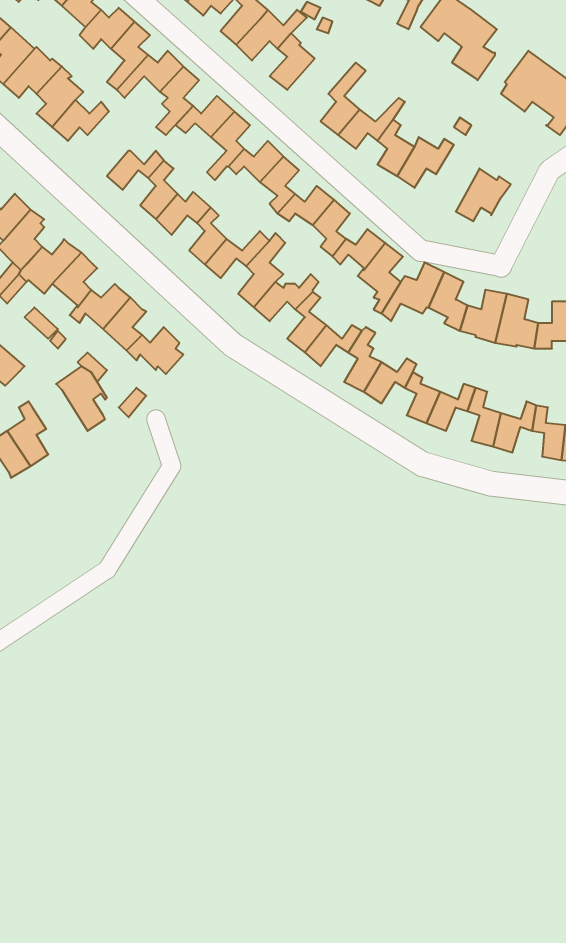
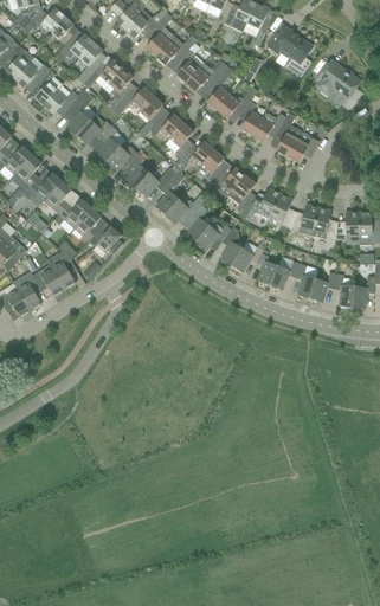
building: none -> [186,62,227,92]
building: none -> [65,89,94,135]
building: none -> [276,112,302,156]
building: none -> [32,264,65,296]

